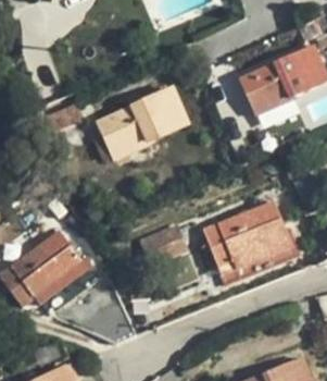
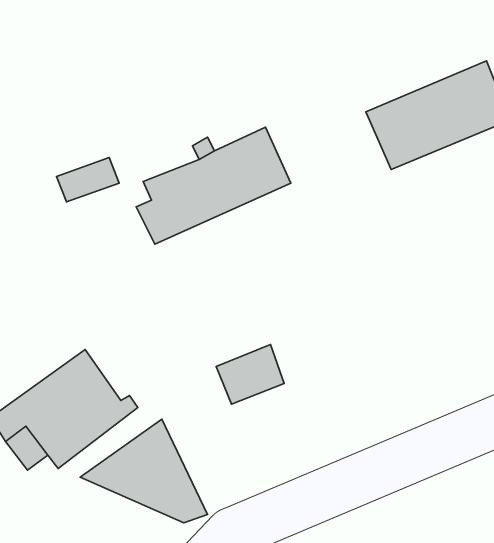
building: [205,199,302,283] -> none

